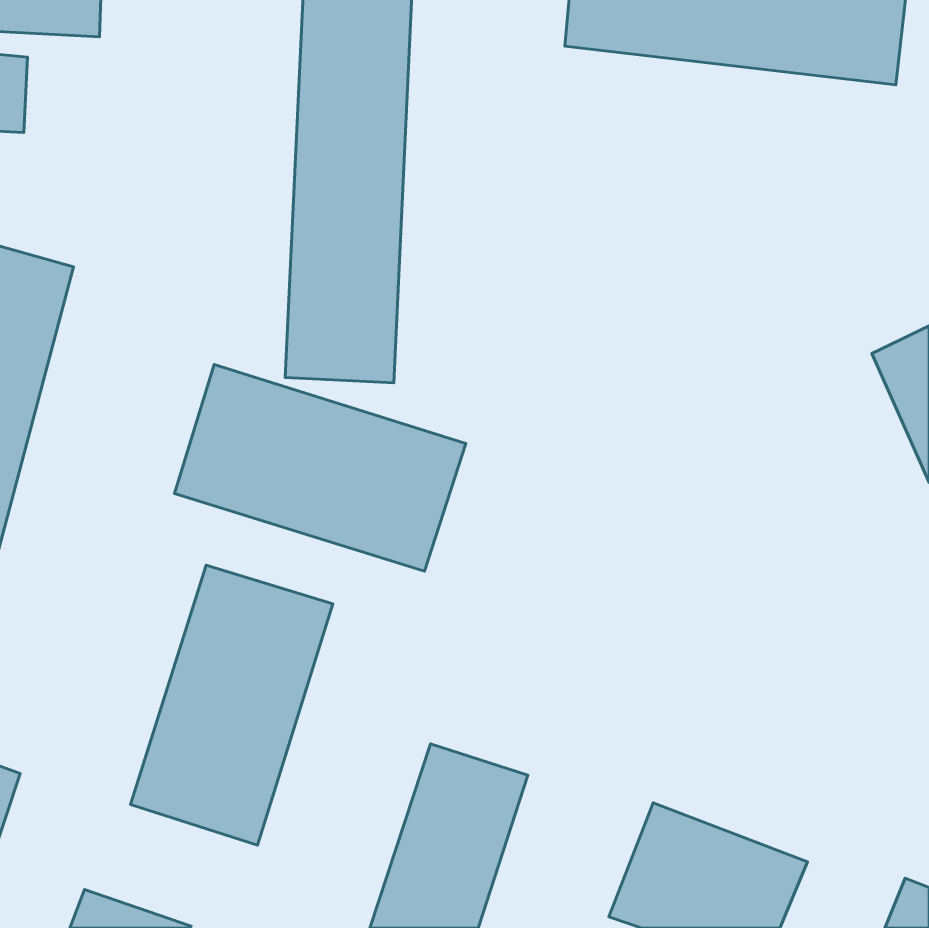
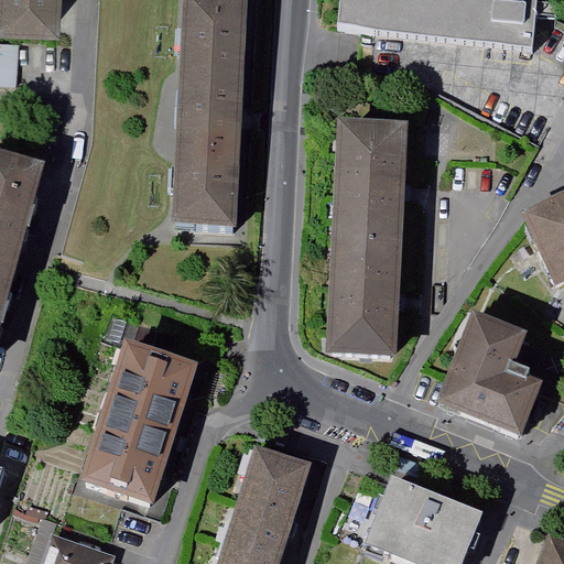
building: none -> [318,110,402,354]
building: [175,365,466,571] -> none
building: none -> [440,308,547,437]

